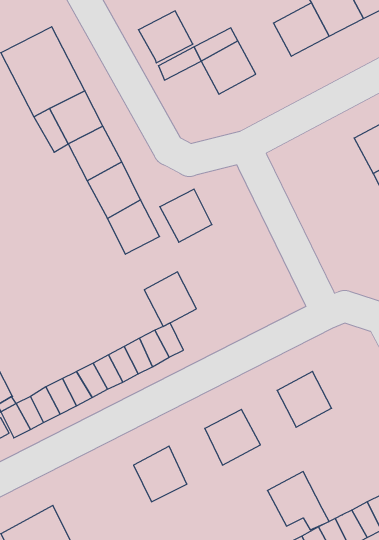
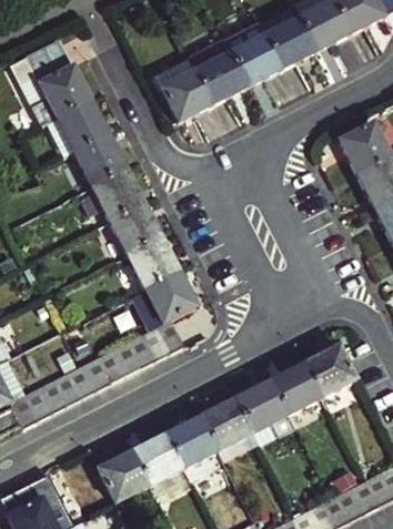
building: [138,11,193,63] -> [164,72,215,121]
building: none -> [233,37,283,84]
building: [160,189,212,242] -> [128,236,177,286]
building: none -> [303,346,355,397]
building: none -> [169,416,219,468]
building: none -> [98,450,152,503]
building: [267,472,329,530] -> [236,380,294,435]

